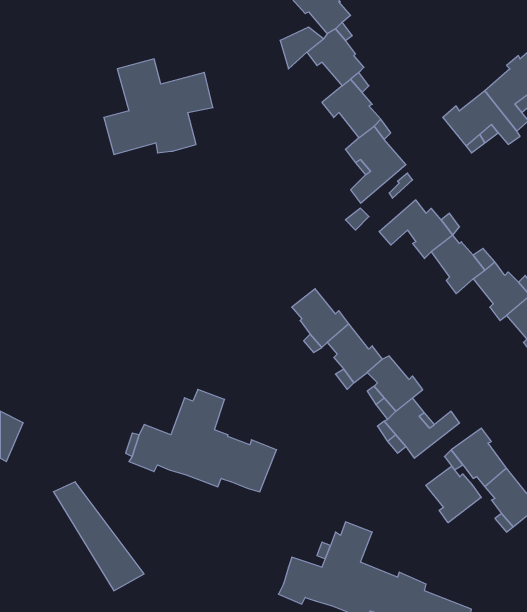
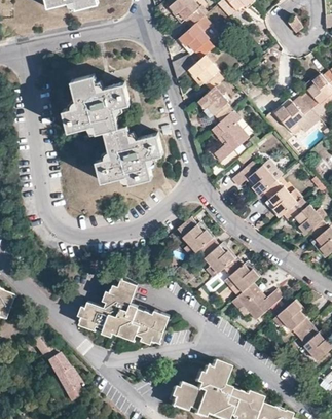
building: none -> [98,125,163,183]
building: [426,466,481,523] -> none

